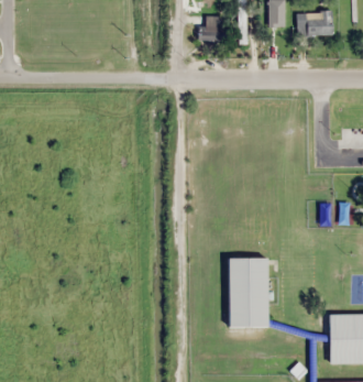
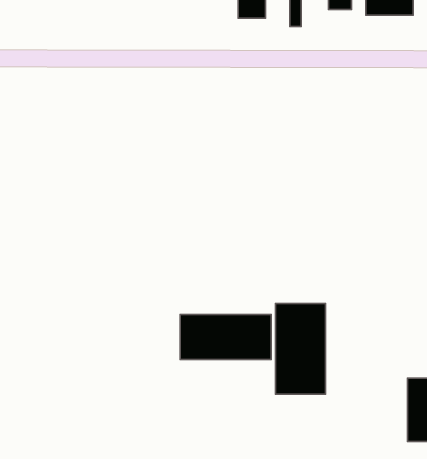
building: none -> [180,315,271,360]

